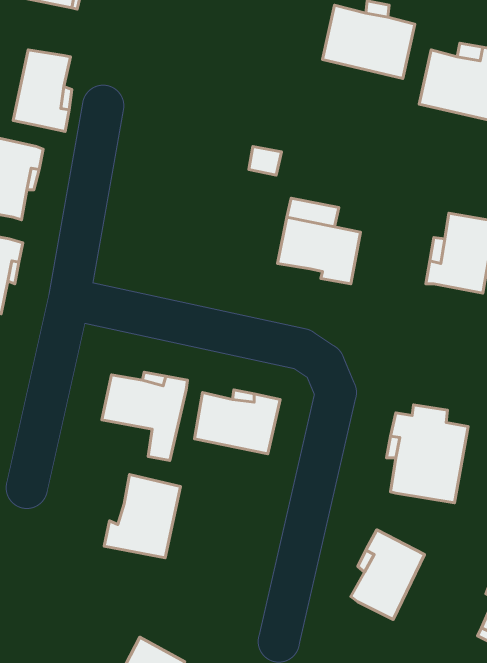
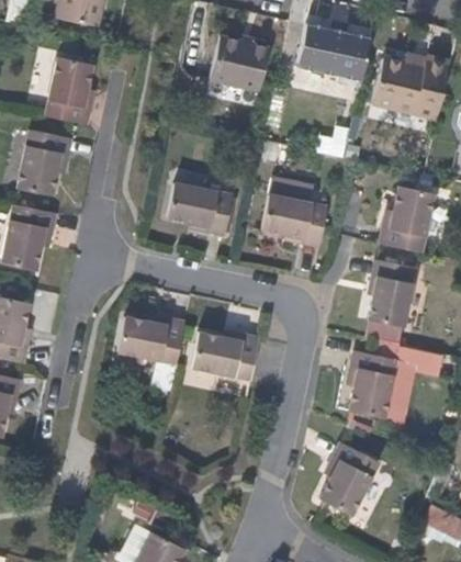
building: none -> [211,35,271,92]
building: none -> [166,182,233,236]
building: none -> [370,260,417,326]
building: [104,474,180,558] -> none

